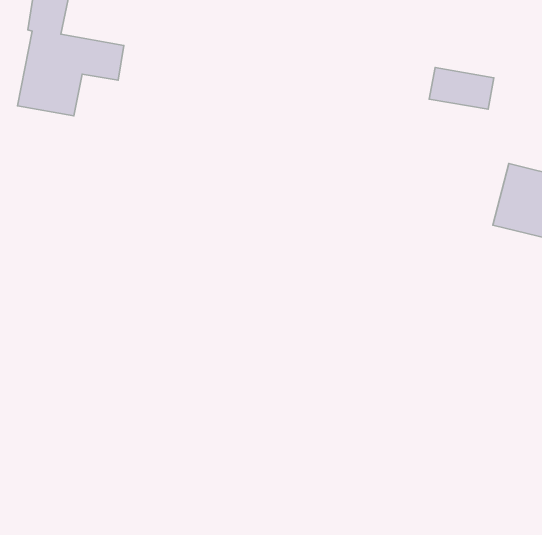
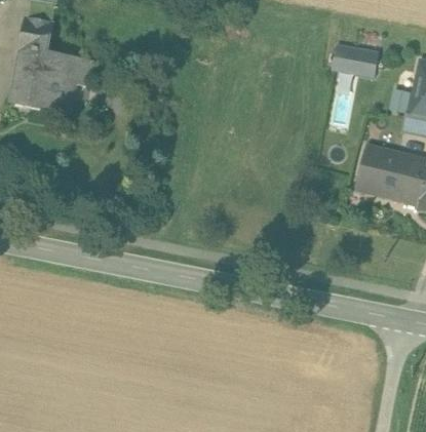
building: [429,68,494,109] -> [332,45,378,75]

